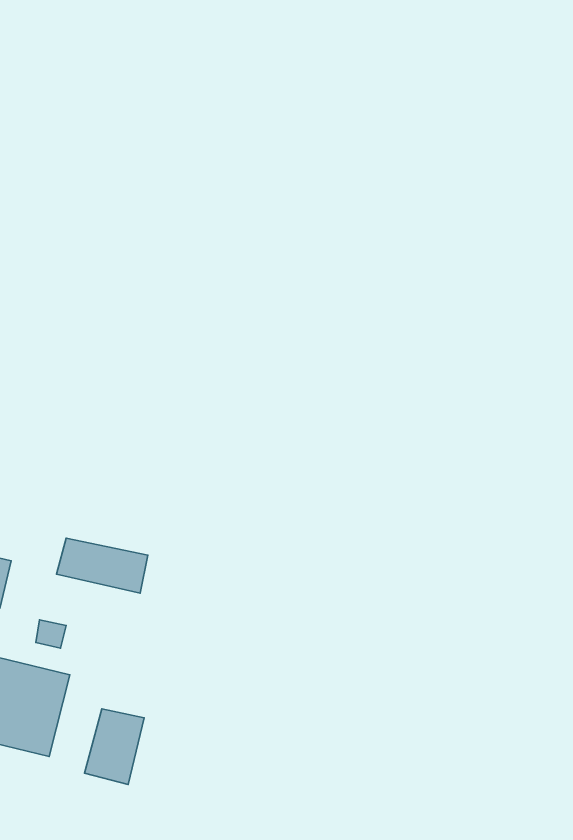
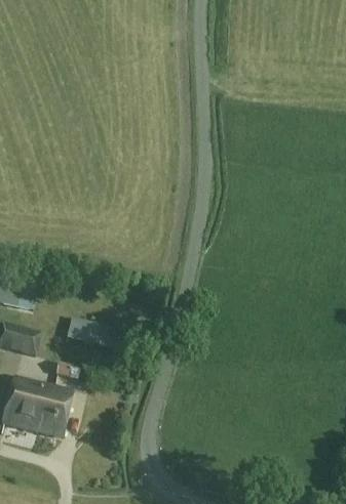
building: [85,709,144,785] -> none

